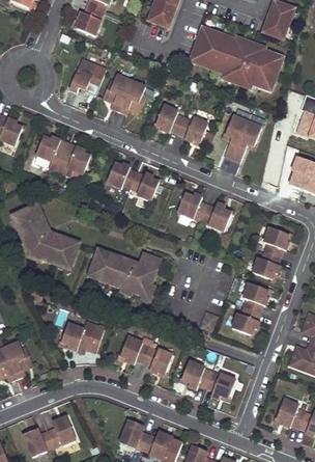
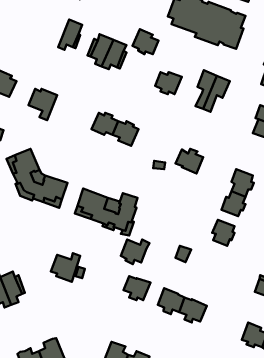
building: [155,105,184,133] -> [133,29,158,54]
building: [57,143,90,174] -> none
building: [177,193,208,220] -> none
building: [231,306,259,335] -> none
building: [120,336,152,364] -> [121,239,149,264]

